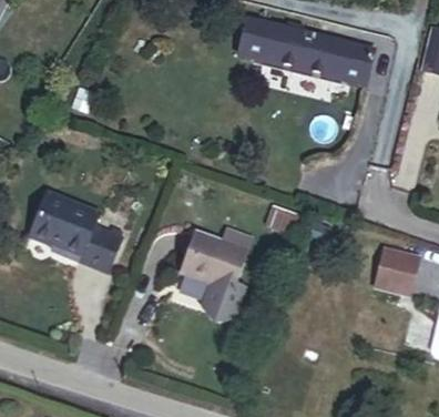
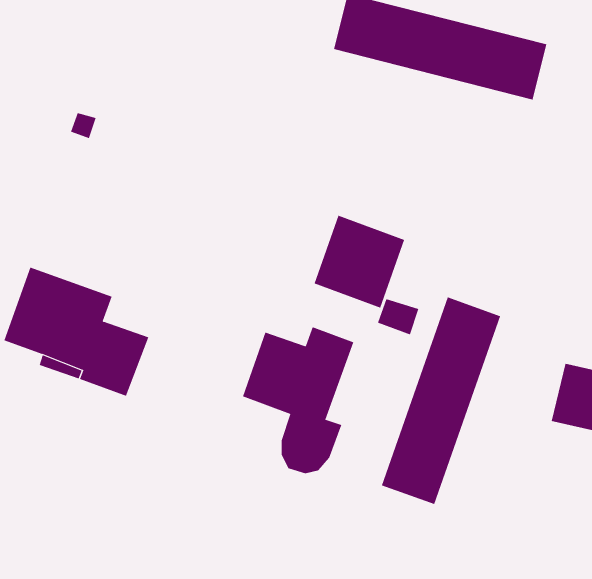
building: none -> [314,215,405,309]
building: none -> [381,297,501,505]

